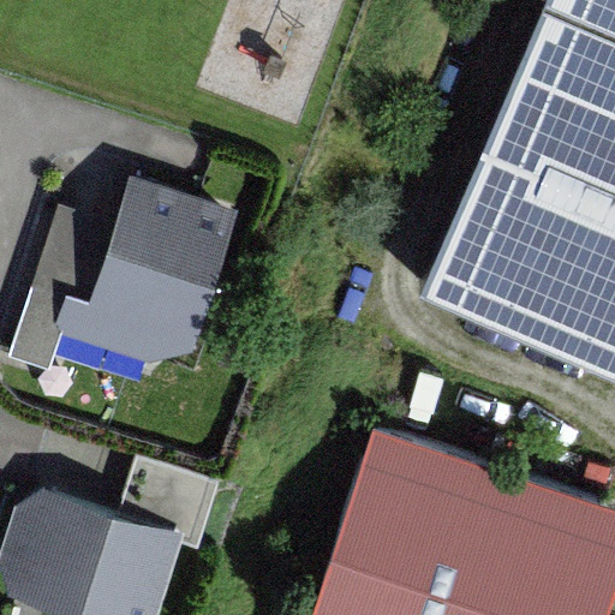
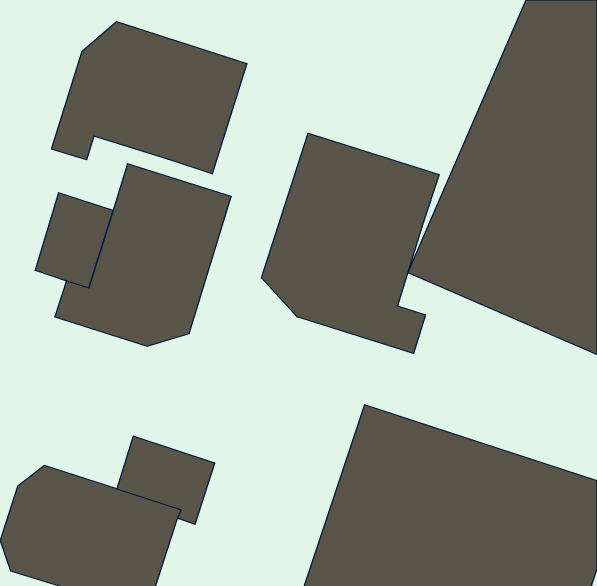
building: none -> [52,21,247,174]
building: none -> [261,133,439,353]

